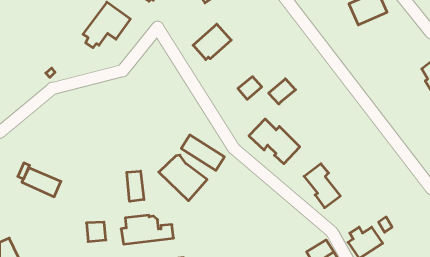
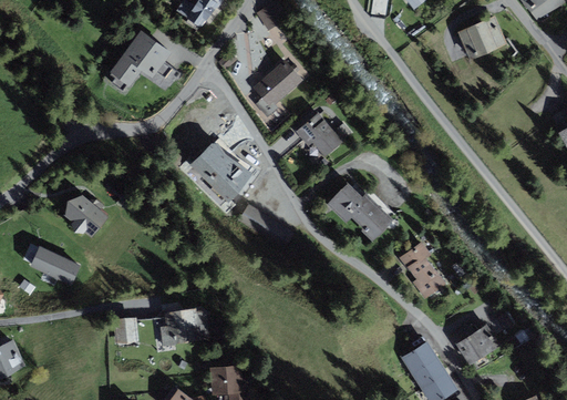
building: [269,79,296,104] -> [296,112,331,145]
building: none -> [64,194,109,237]
building: [159,155,207,201] -> [190,142,254,202]
building: [127,171,144,201] -> none

